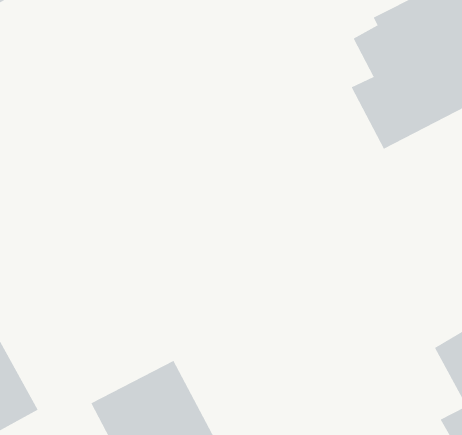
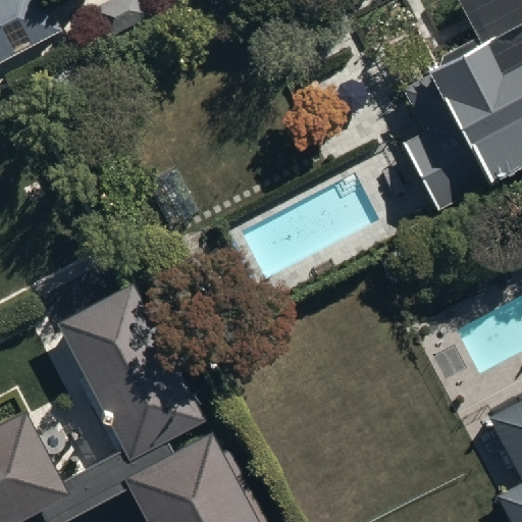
building: none -> [58,282,205,459]

